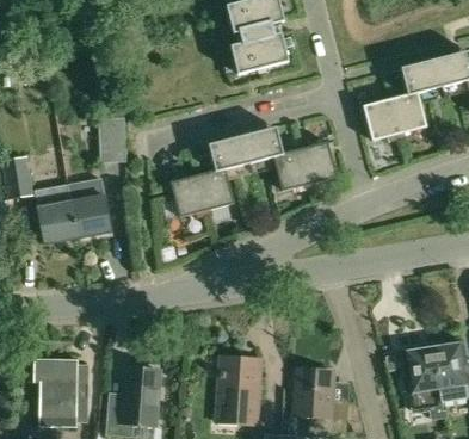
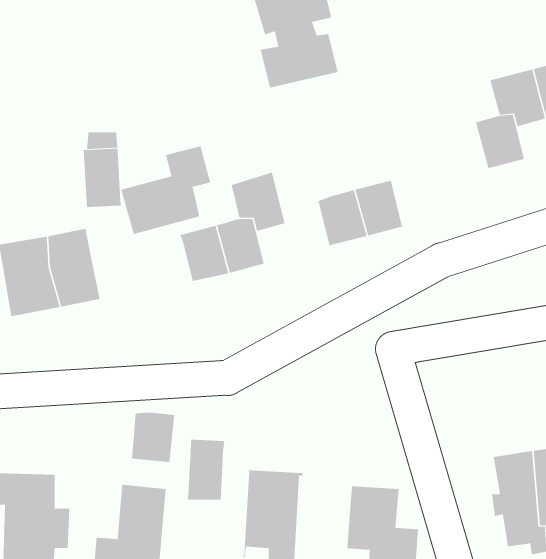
building: [362,98,399,140] -> none
building: none -> [121,145,211,235]
building: [239,126,282,173] -> none
building: none -> [131,412,175,463]
building: none -> [187,439,225,501]

